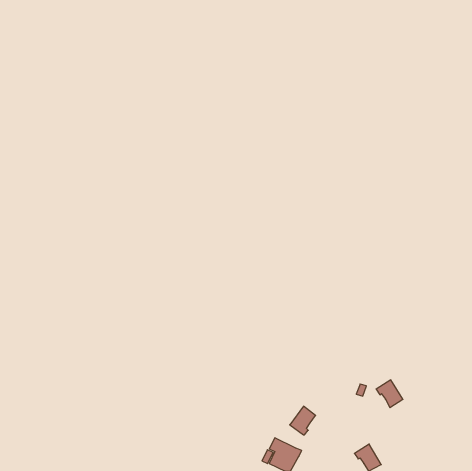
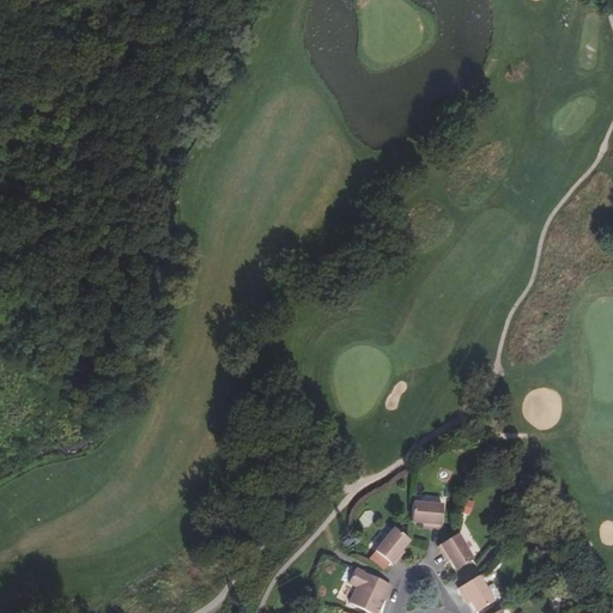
building: [376,380,403,408] -> [438,533,473,569]
building: none -> [412,499,443,524]

